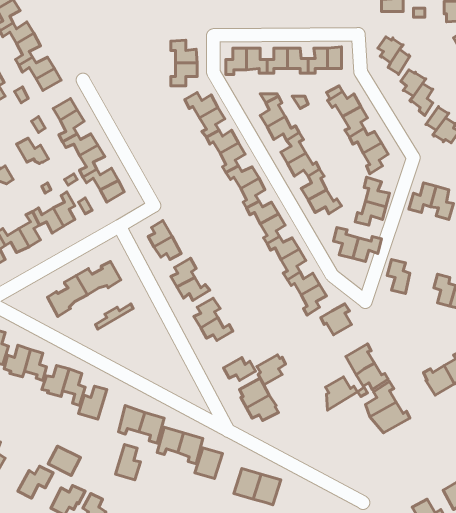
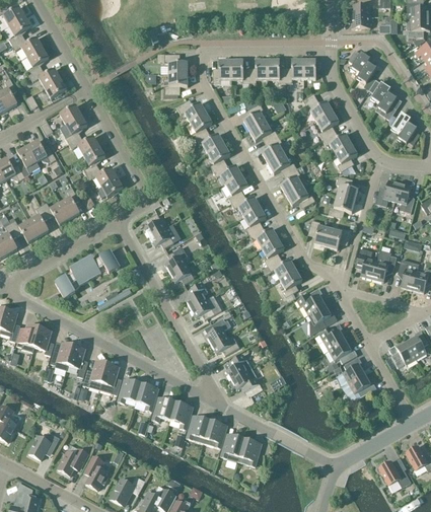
building: none -> [17,145,41,176]
building: none -> [372,249,397,281]
building: [257,355,286,385] -> [205,317,230,344]
building: [325,377,357,410] -> [308,305,337,335]
building: [115,445,141,480] -> [99,363,122,394]
building: [48,446,81,476] -> none
building: none -> [203,420,227,447]

